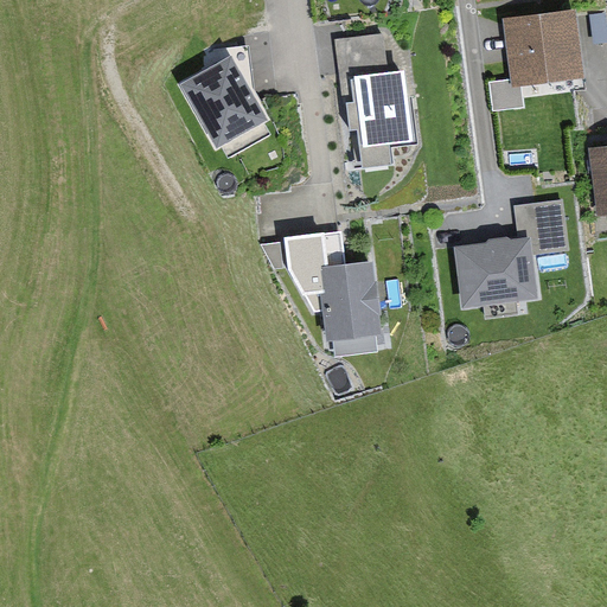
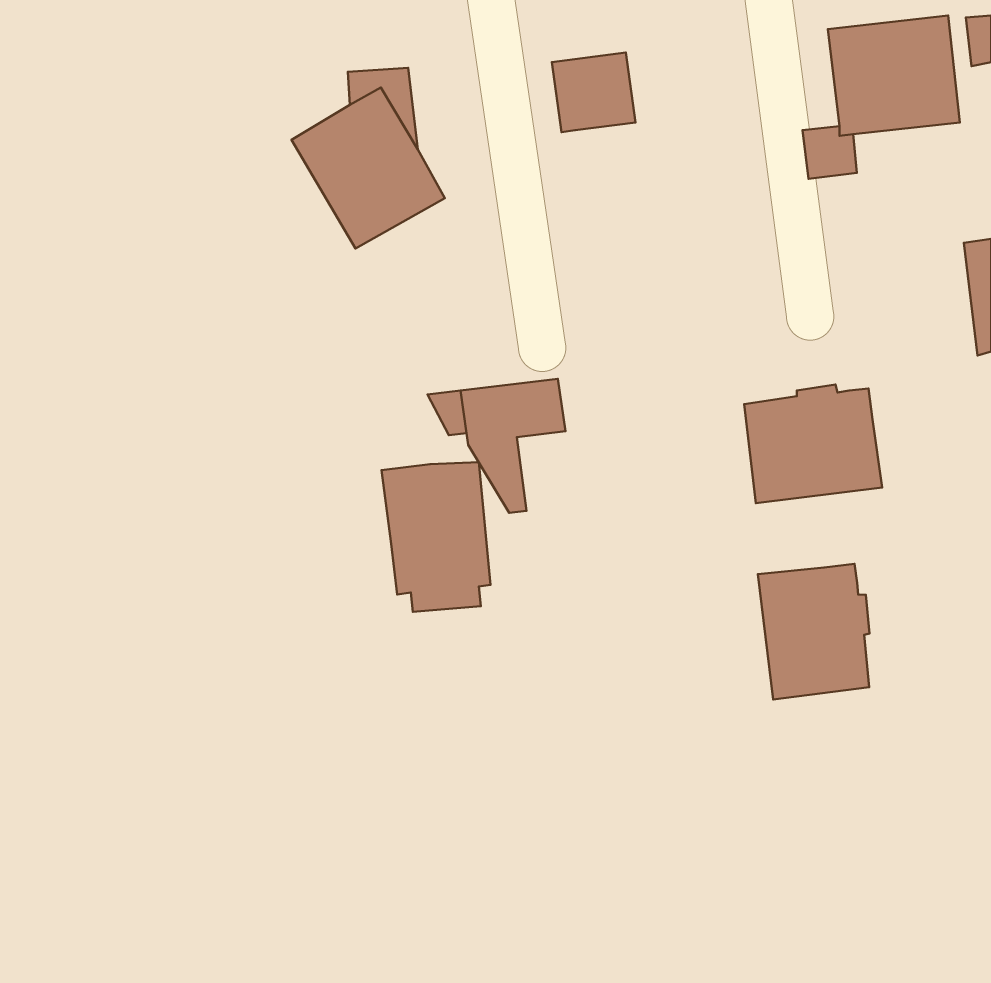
building: [347,72,414,167] -> none
building: [513,199,569,256] -> none
building: [315,262,382,353] -> [382,462,490,612]
building: none -> [758,564,870,699]

